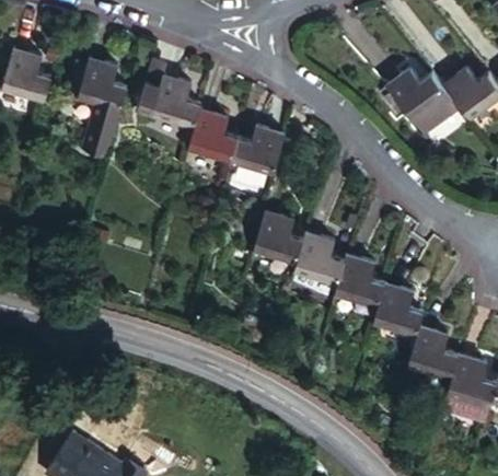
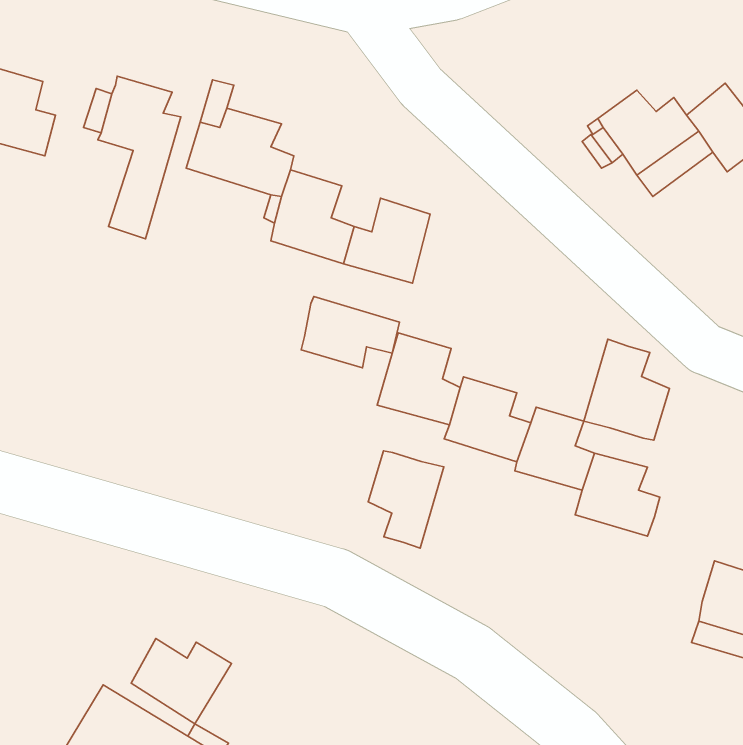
building: none -> [301,297,400,368]
building: none -> [584,339,669,440]
building: none -> [368,451,444,548]
building: [410,326,460,379] -> none
building: none -> [131,638,231,724]

